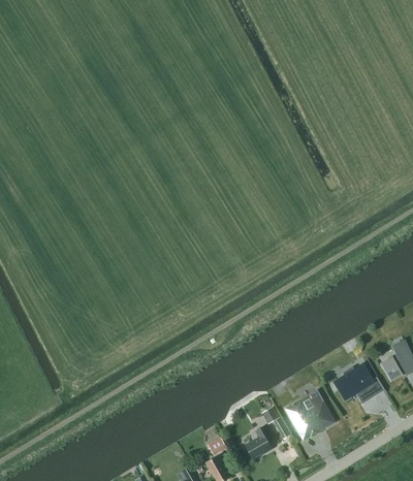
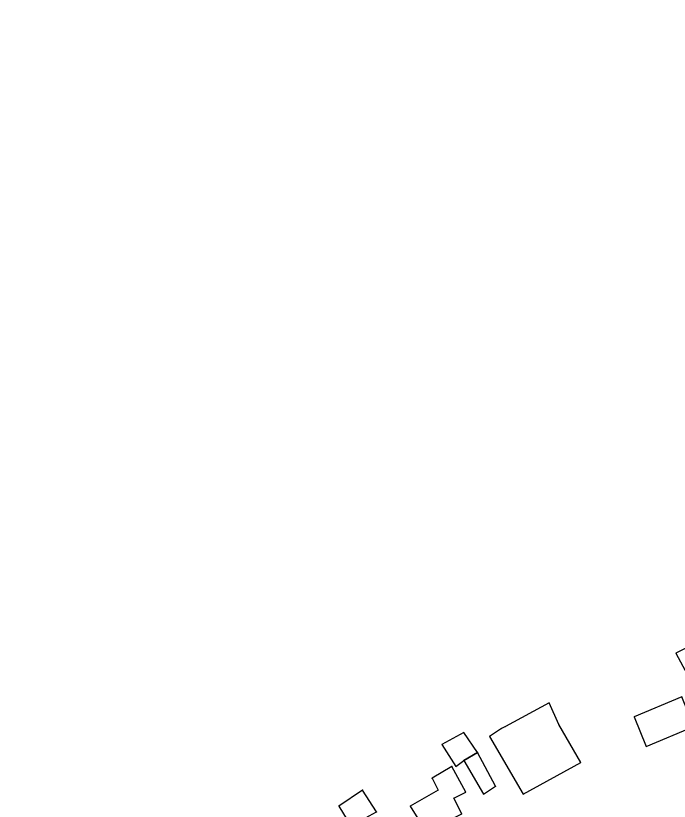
building: [335,363,373,397] -> none

